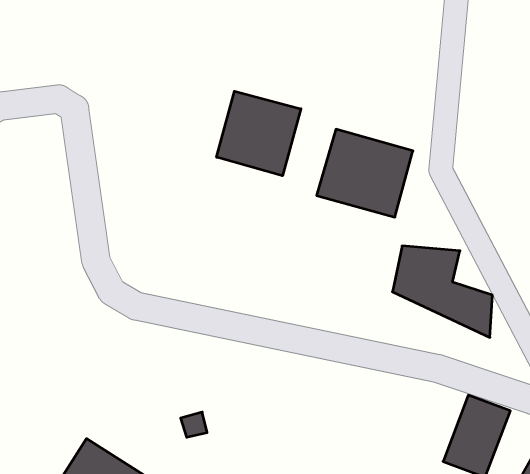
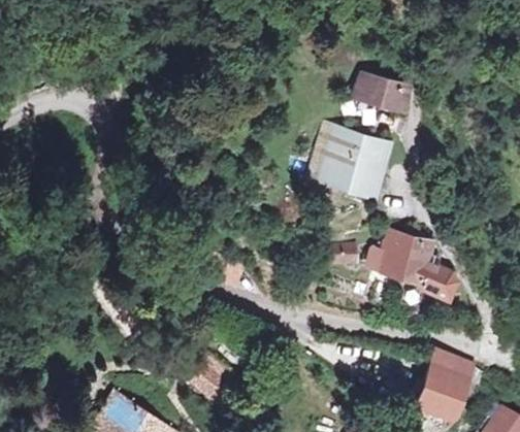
building: none -> [351,63,417,109]
building: [217,91,301,176] -> none

